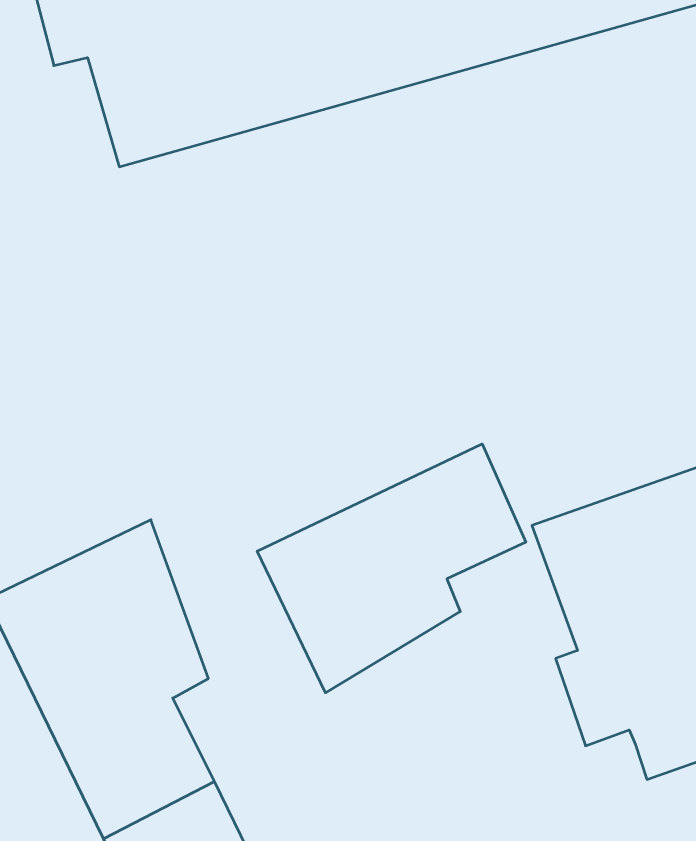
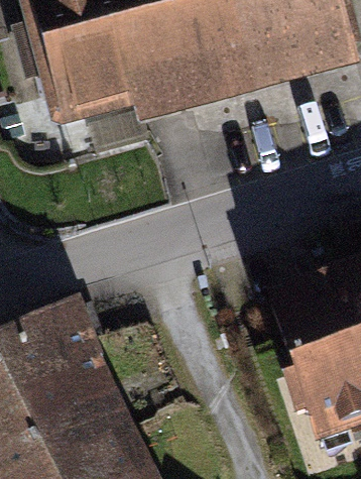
building: [257,444,526,693] -> none

